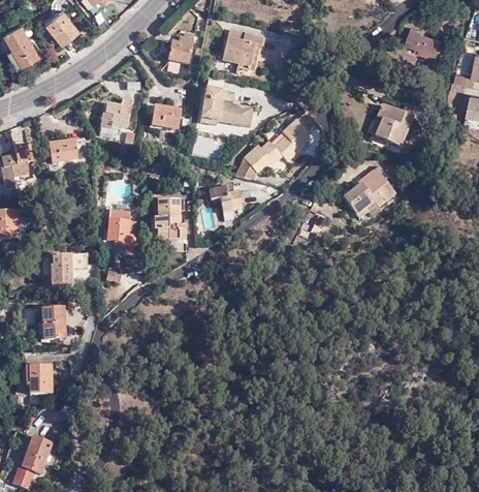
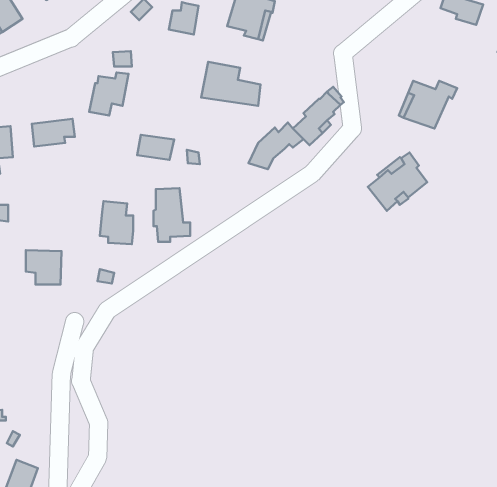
building: [151,106,183,128] -> [137,135,174,160]
building: [209,188,242,216] -> none
building: [42,305,66,337] -> none
building: [33,364,56,389] -> none

